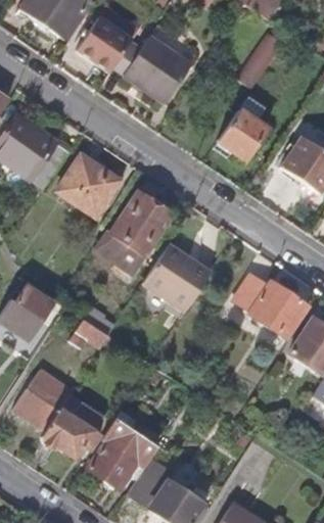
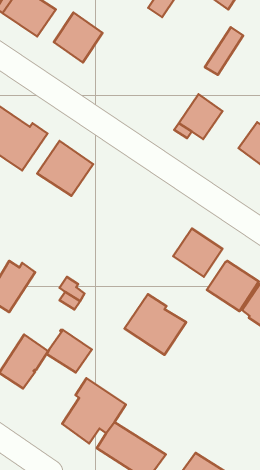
building: [123,37,189,102] -> none
building: [95,194,170,272] -> none
building: [141,243,209,310] -> [125,294,186,355]
building: [42,409,91,456] -> [47,330,92,373]

